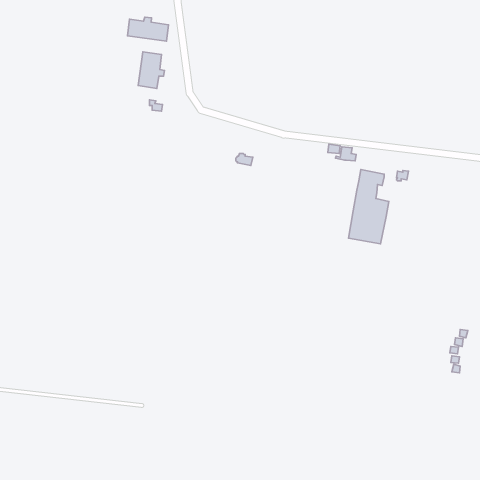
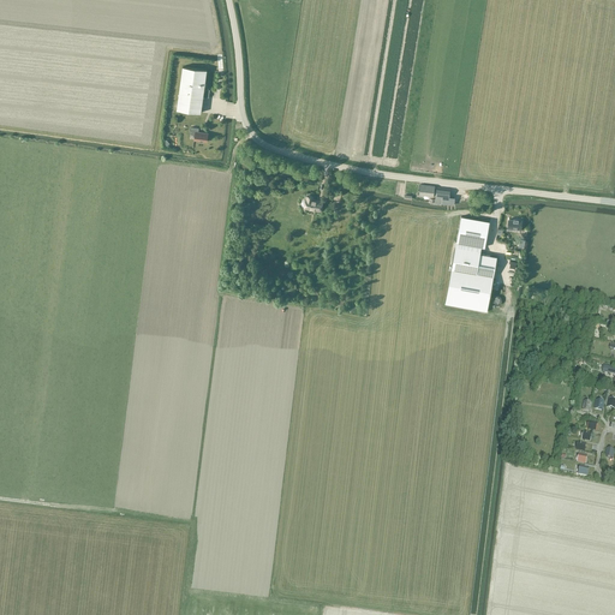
building: [127,17,169,41] -> none

